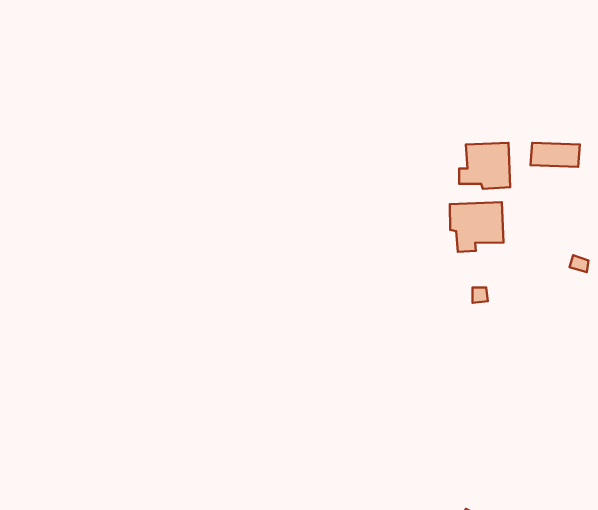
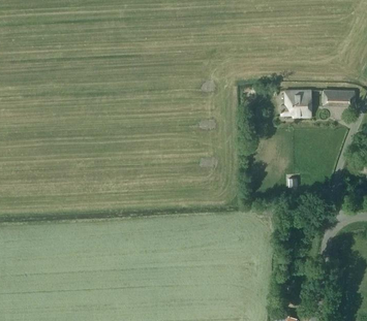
building: [450,202,503,252] -> none

